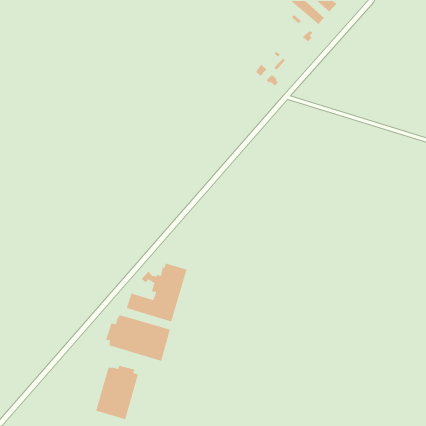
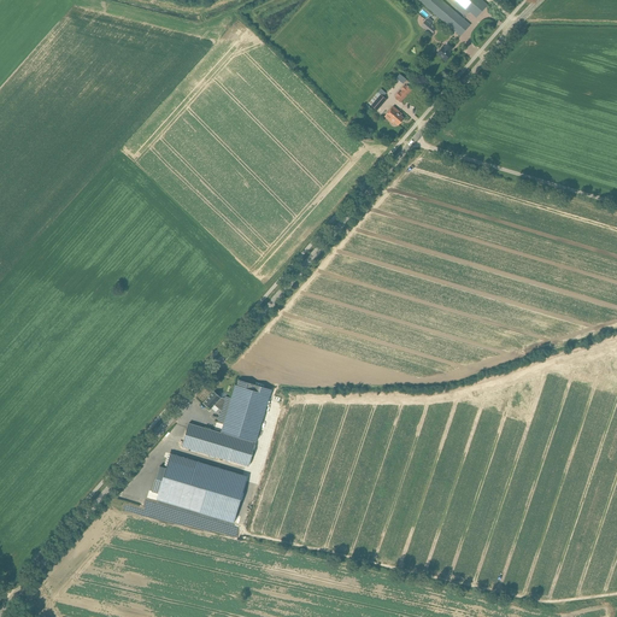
building: [95,365,139,420] -> none

